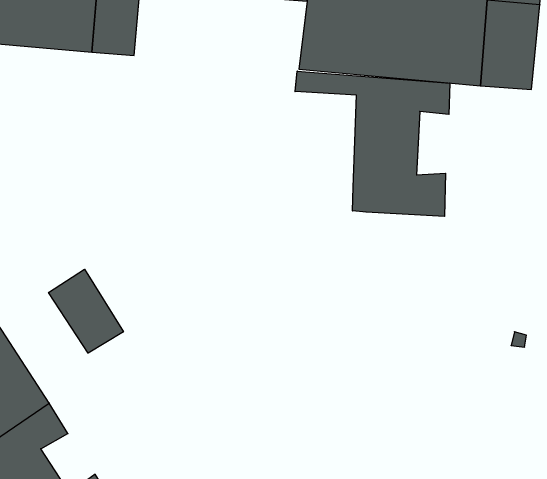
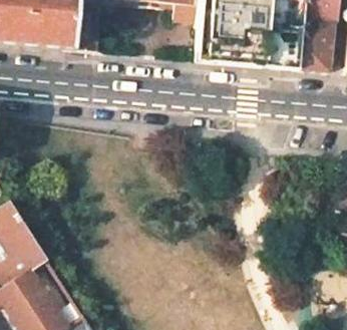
building: [295,71,450,216] -> none
building: [49,269,123,353] -> none

